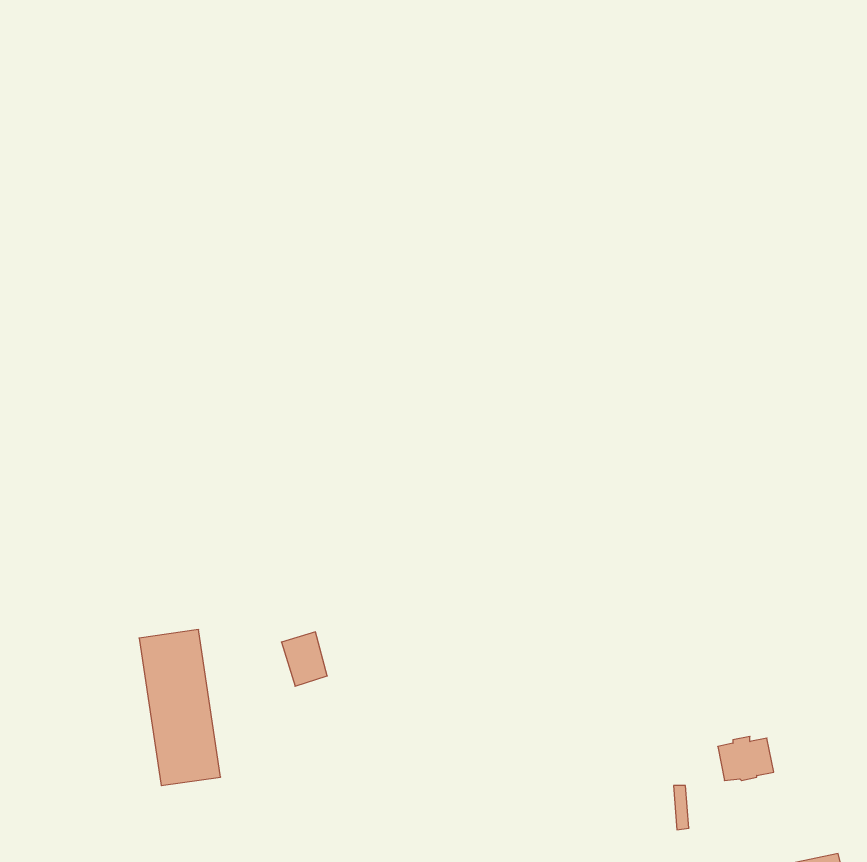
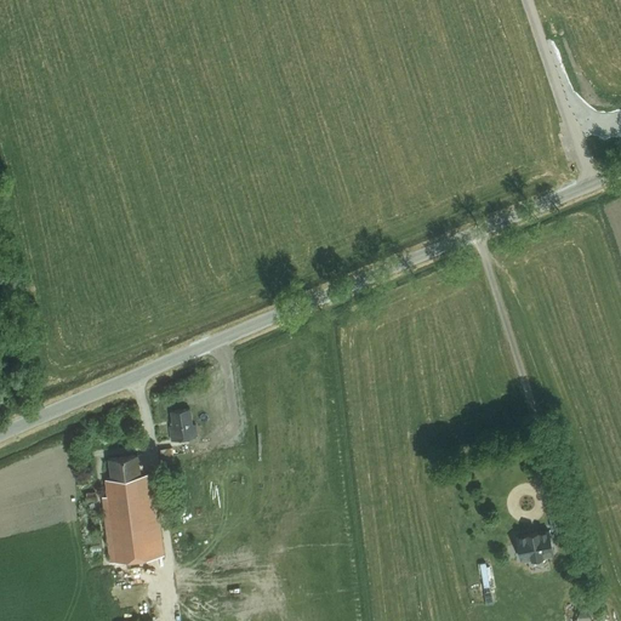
building: [281,632,327,686] -> [165,410,198,449]

